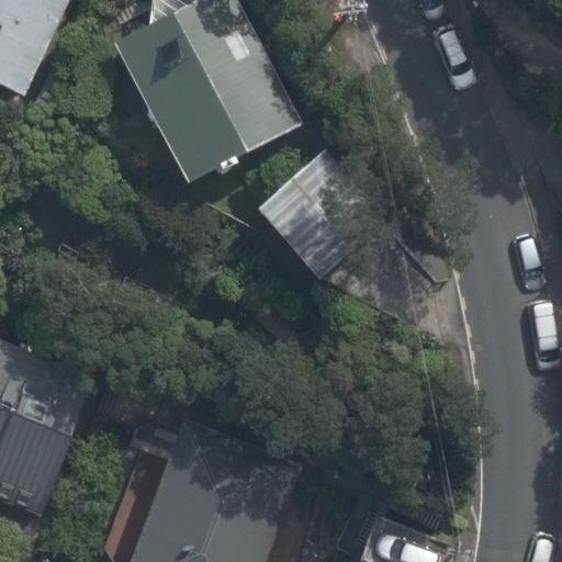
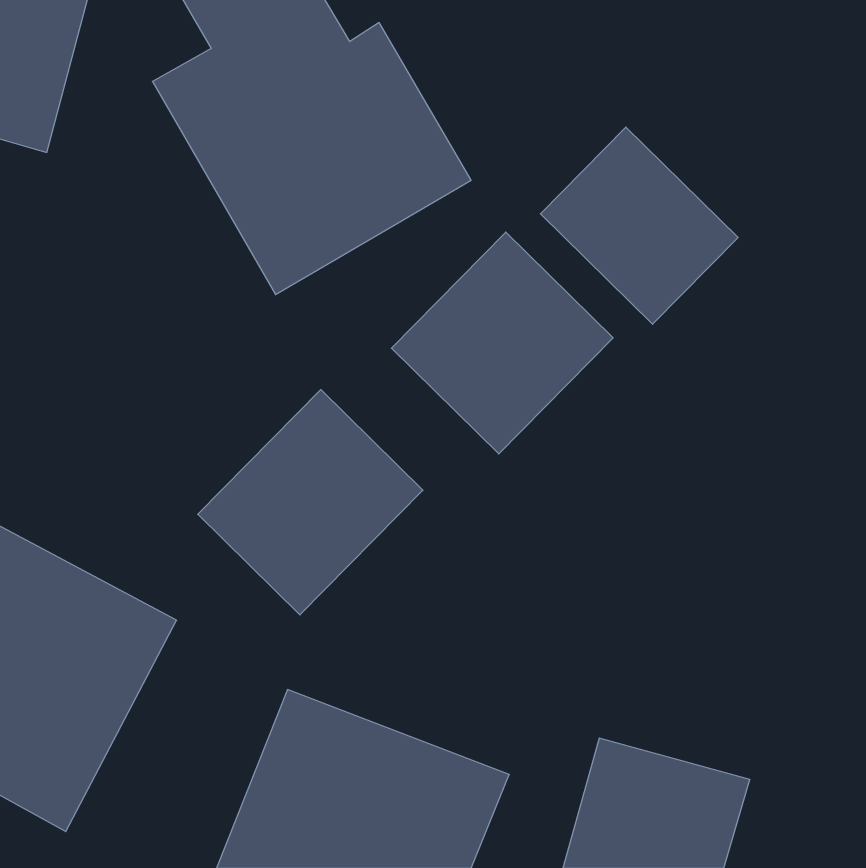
building: none -> [540,127,738,324]
building: none -> [198,390,423,615]

